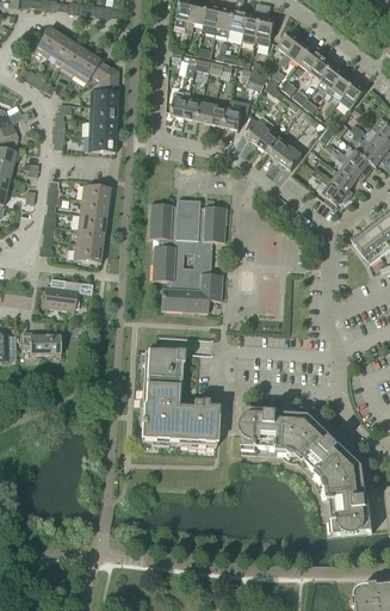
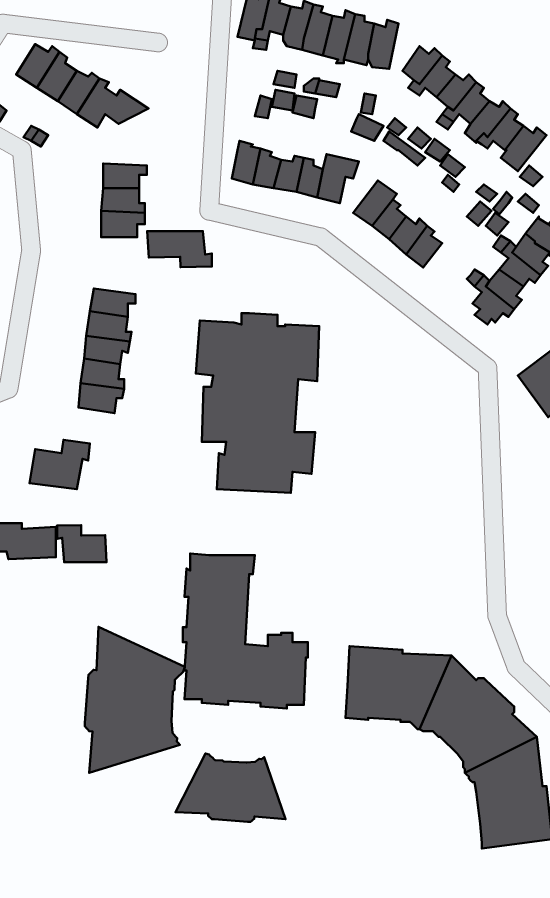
building: [89,70,118,106] -> none
building: none -> [147,231,212,267]
building: none -> [57,525,107,562]
building: none -> [85,627,185,773]
building: none -> [176,753,286,822]

